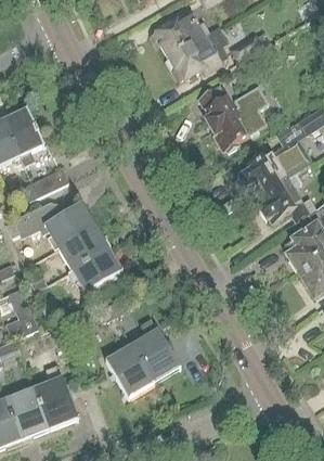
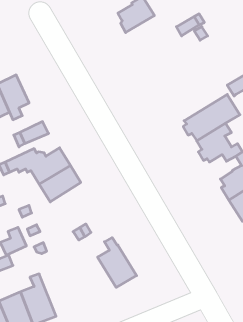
building: [166,24,230,78] -> none
building: [198,85,267,151] -> none
building: [69,247,122,294] -> none
building: [103,343,154,398] -> none

